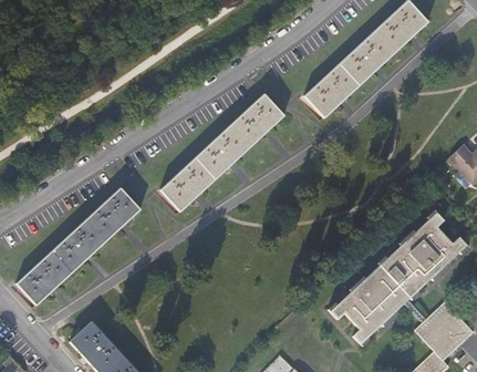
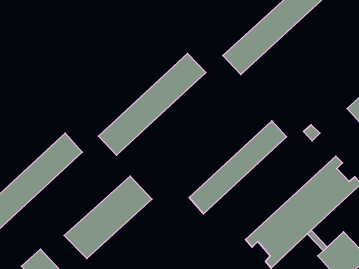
building: none -> [189,121,286,214]
building: none -> [64,176,152,259]

